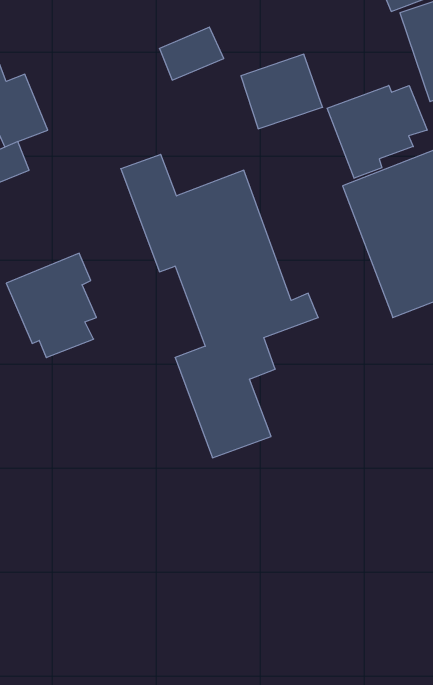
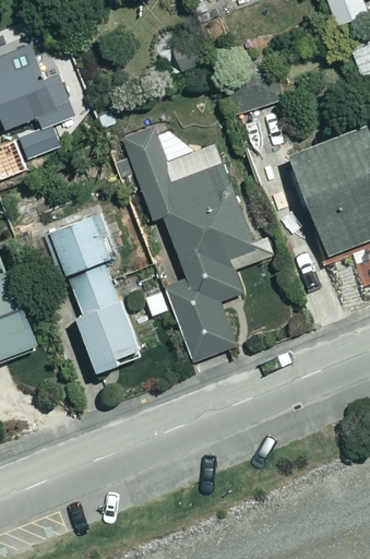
building: [327,85,427,178] -> none
building: none -> [68,273,133,367]

